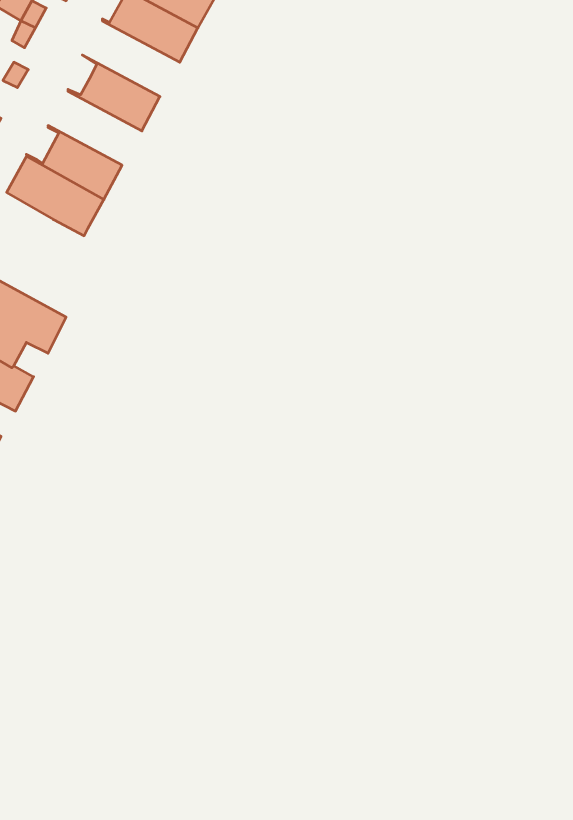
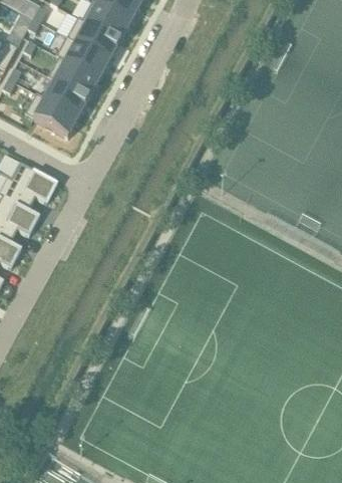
building: none -> [67,16,121,58]
building: none -> [48,55,100,96]

